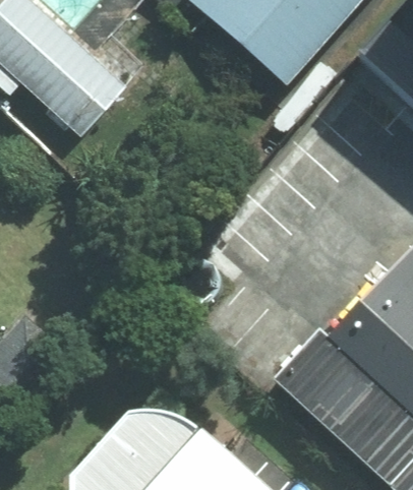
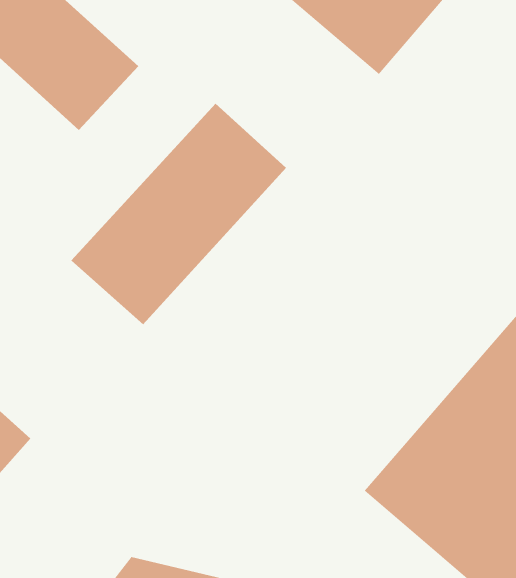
building: none -> [70,103,287,325]

